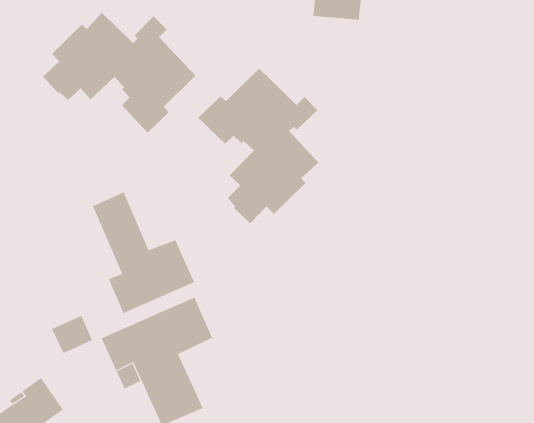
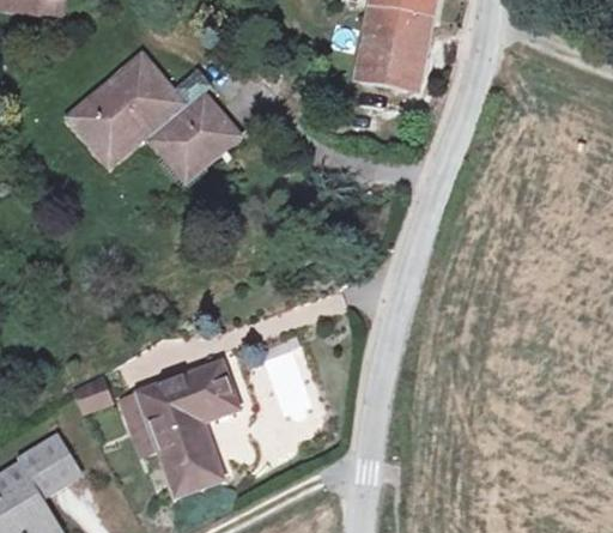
building: [198,68,319,224] -> none
building: [92,192,195,314] -> none

